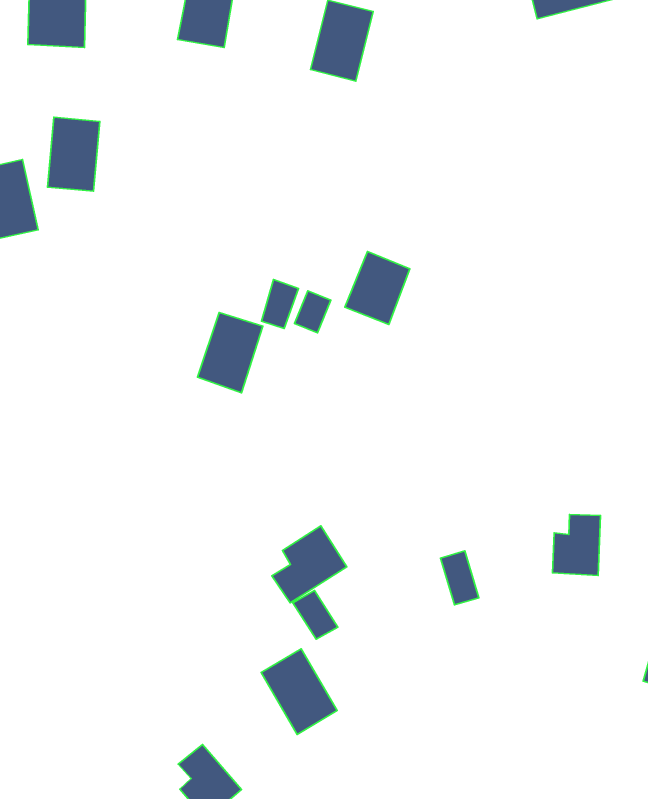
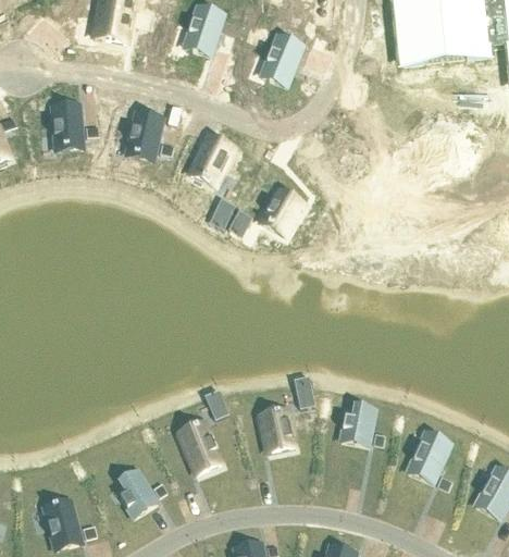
building: [48,117,100,191] -> [125,111,162,159]
building: [198,313,263,393] -> [189,136,233,186]
building: [553,514,601,575] -> [340,405,374,444]
building: [272,526,347,603] -> none
building: none -> [259,409,294,450]

